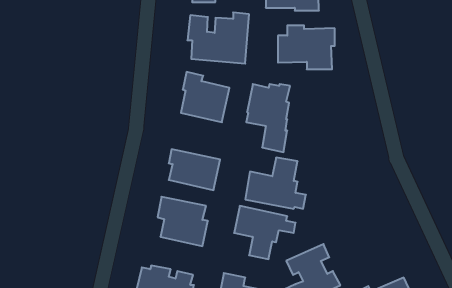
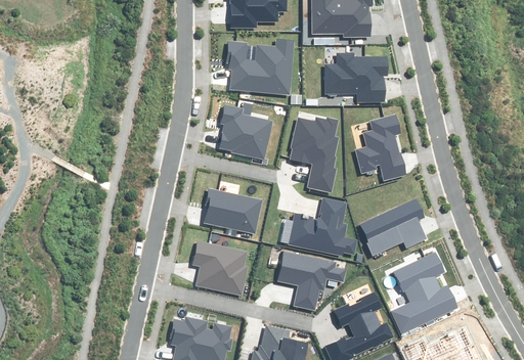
building: none -> [355,115,405,181]
building: none -> [359,199,426,255]
building: none -> [390,253,457,333]

